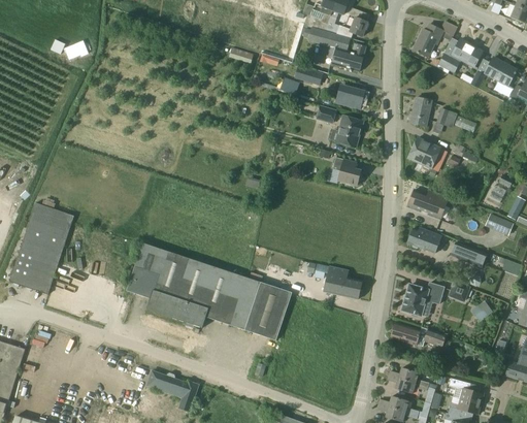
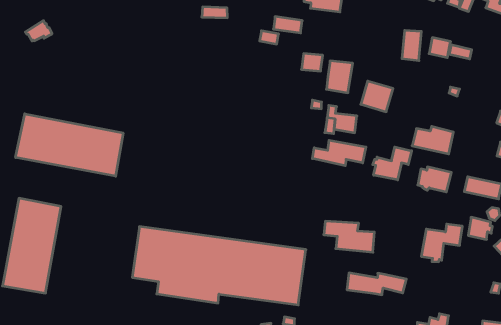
building: [335,85,364,108] -> none
building: none -> [16,114,123,176]
building: [407,137,439,168] -> [361,81,393,112]
building: none -> [312,140,366,166]
building: none -> [373,147,412,180]
building: [390,322,447,348] -> [347,273,406,295]

